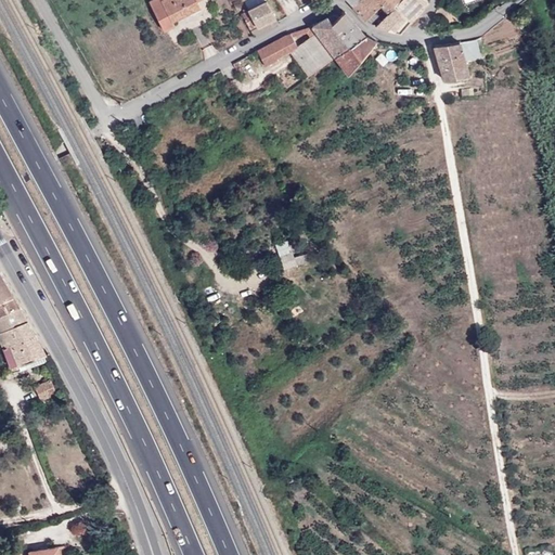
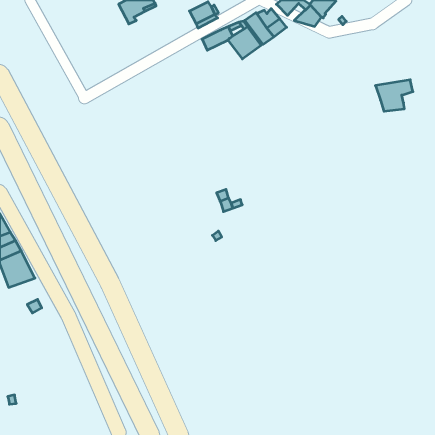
building: [334,36,375,76] -> none
building: [431,40,479,80] -> [375,80,413,111]

